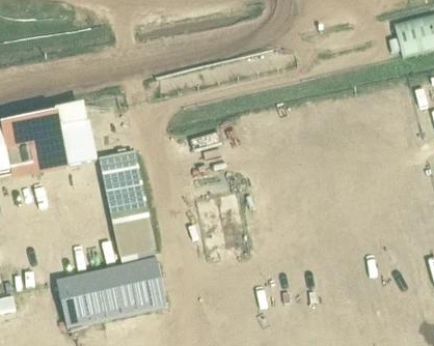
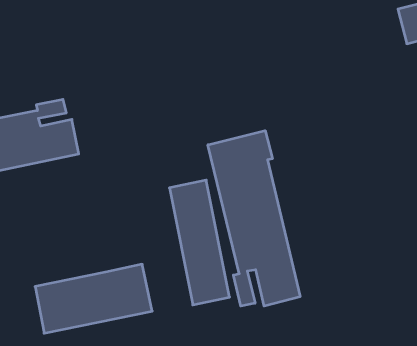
building: none -> [208,131,300,306]
building: [101,150,157,266] -> [169,180,230,305]

